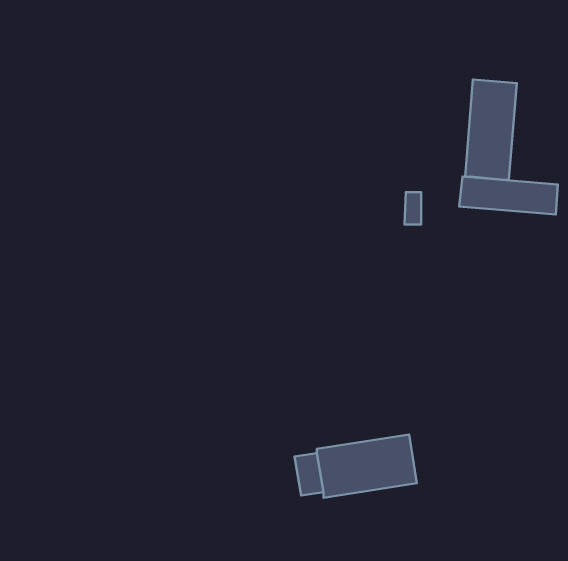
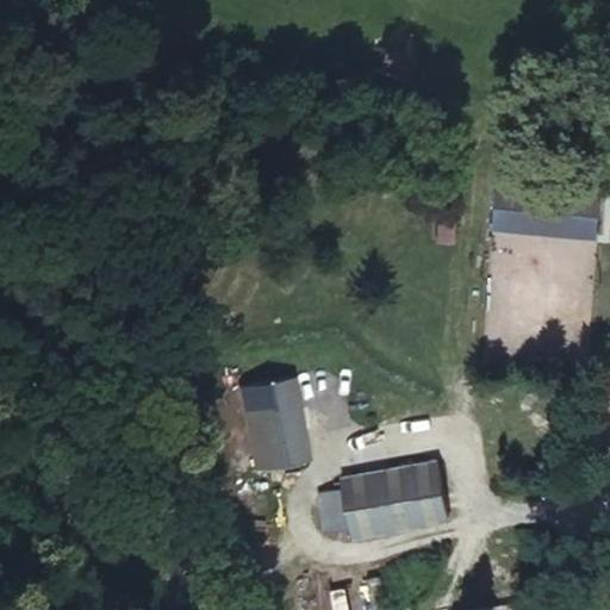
building: [465,79,517,180] -> none
building: none -> [241,381,306,473]

